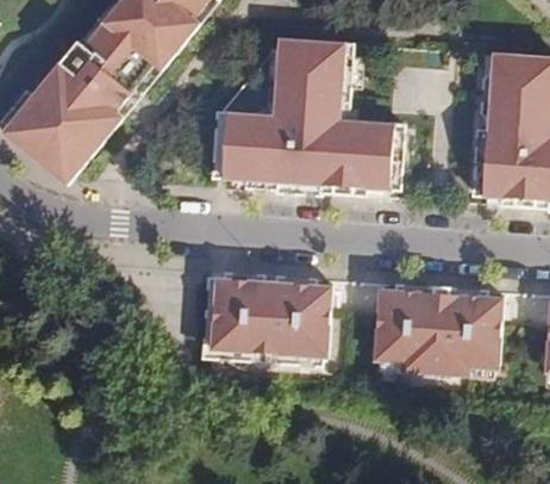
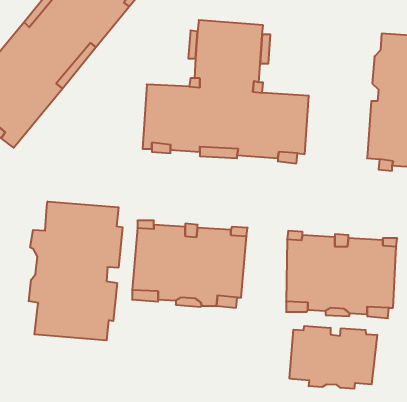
building: none -> [29,201,123,340]
building: none -> [290,326,377,389]

